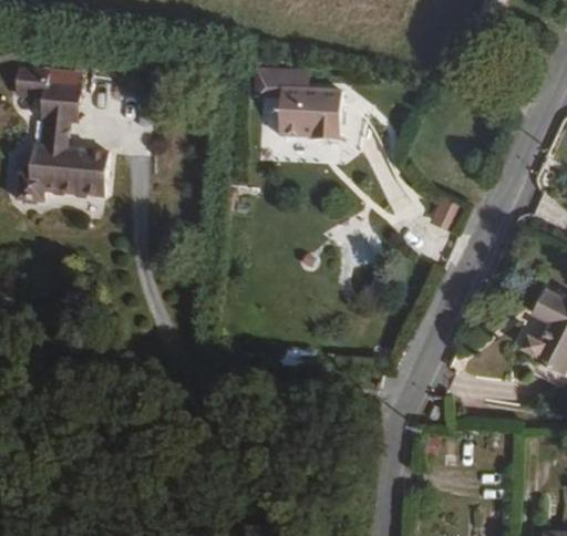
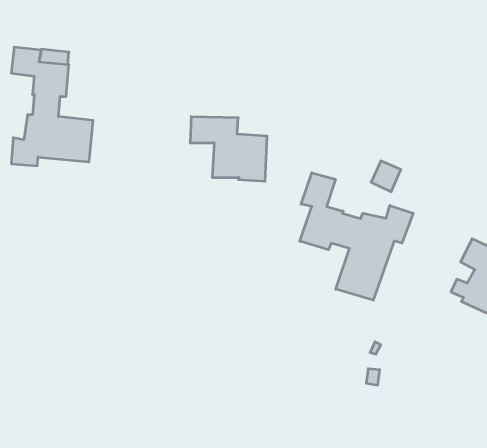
building: [254,68,342,142] -> [190,117,267,181]
building: none -> [300,173,413,300]

